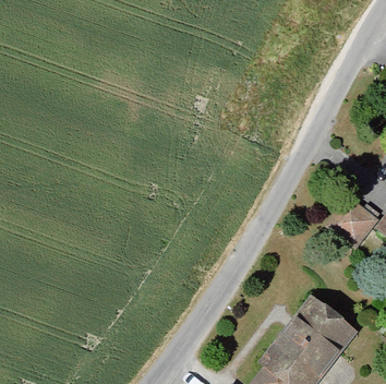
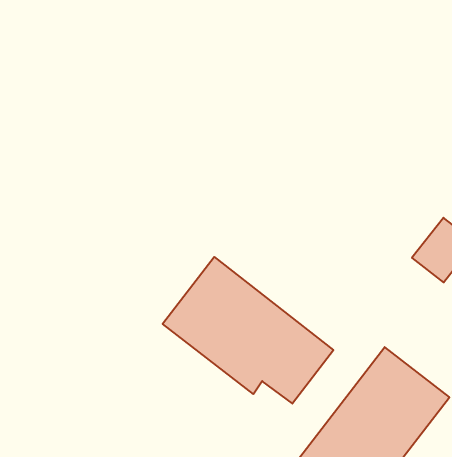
building: none -> [163,257,333,404]

